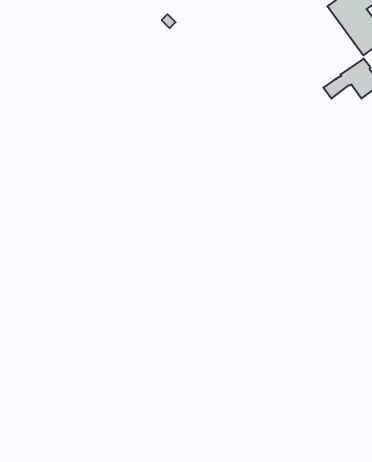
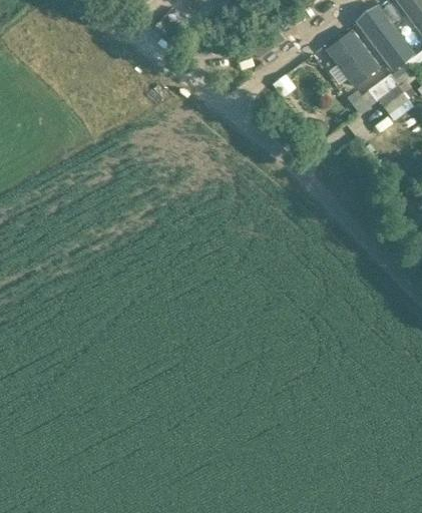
building: none -> [324,26,379,84]

